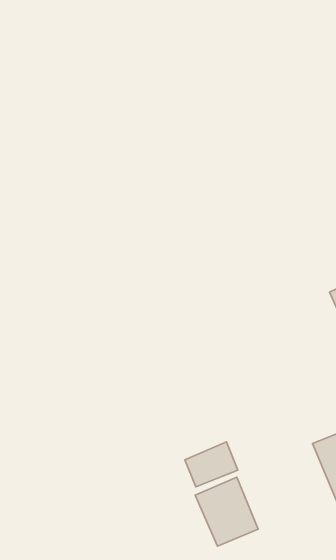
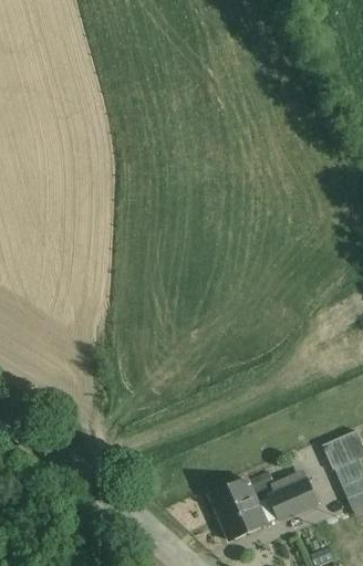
building: [185,442,238,487] -> [266,475,318,520]

